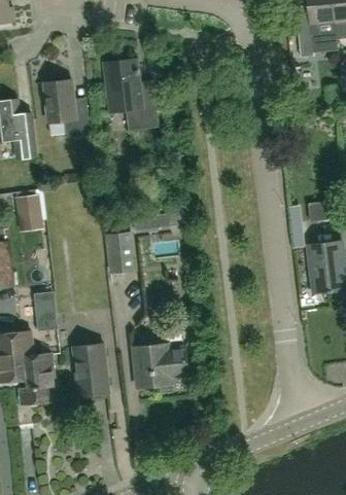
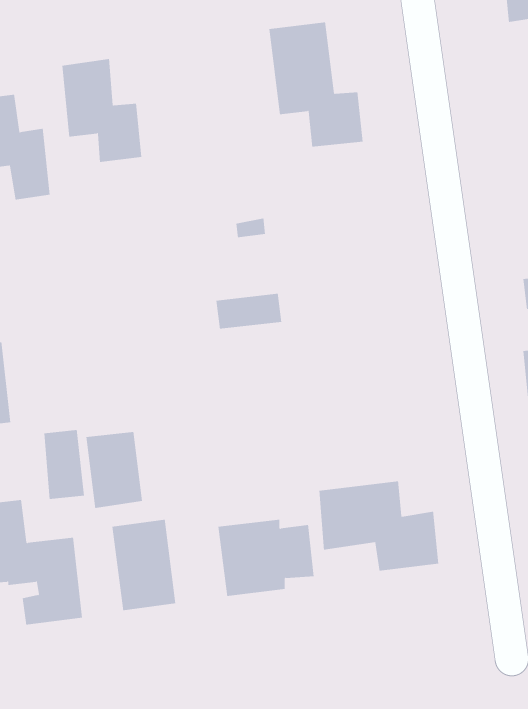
building: [103,59,158,131] -> [268,22,364,147]
building: [20,196,45,226] -> none
building: [104,231,137,275] -> [86,431,143,508]
building: none -> [319,480,439,572]

